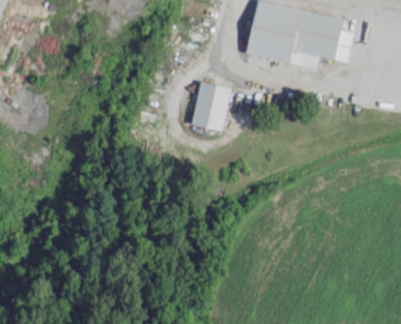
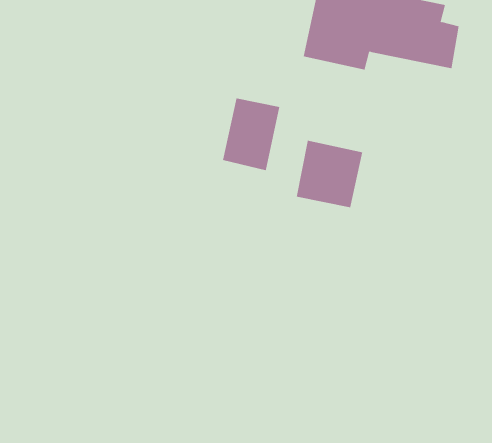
building: none -> [296,140,363,208]

